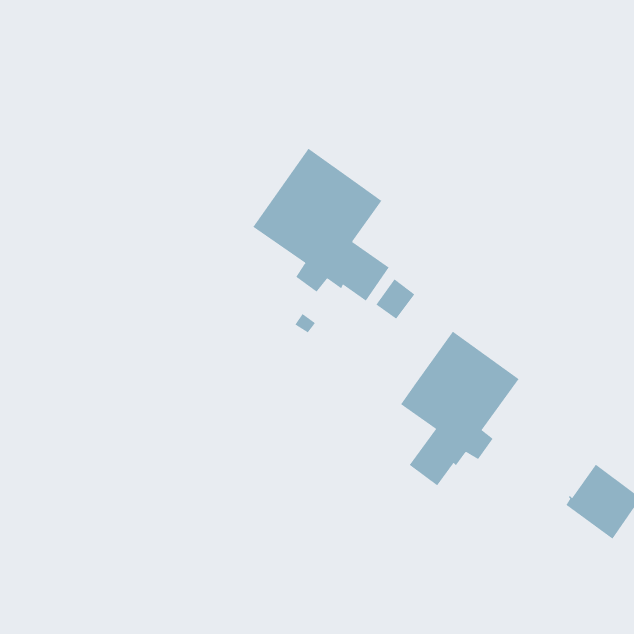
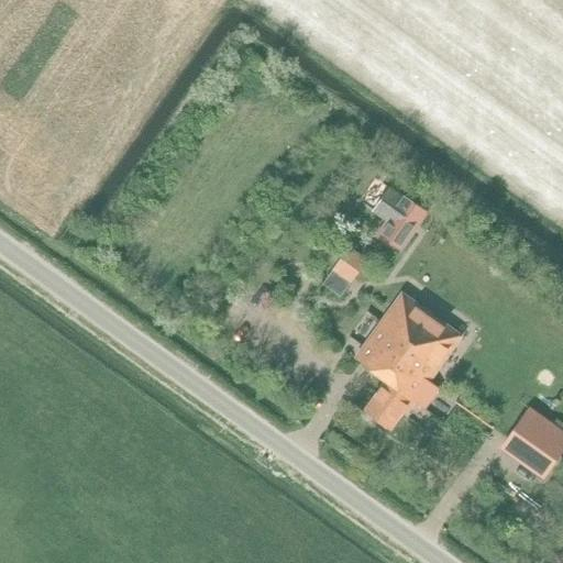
building: [252,148,390,301] -> none
building: none -> [373,187,428,252]

